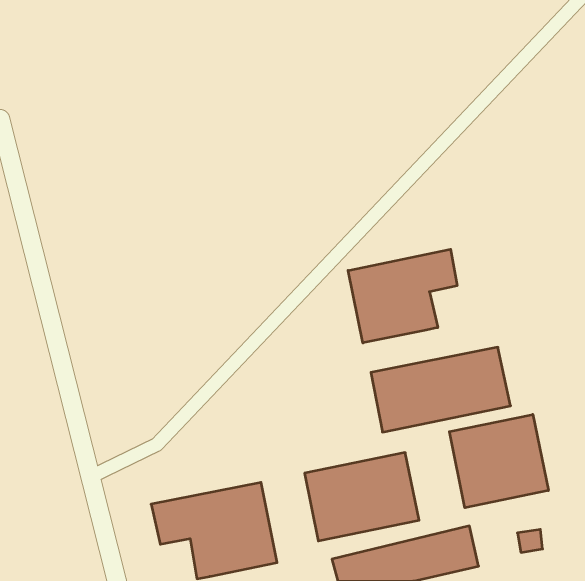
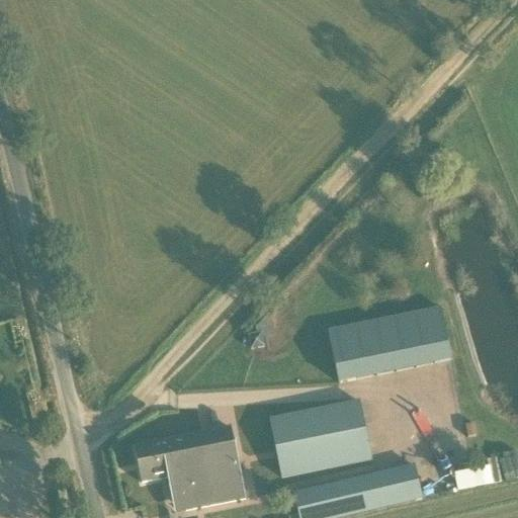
building: [348,249,457,343] -> none
building: [449,414,548,508] -> none

